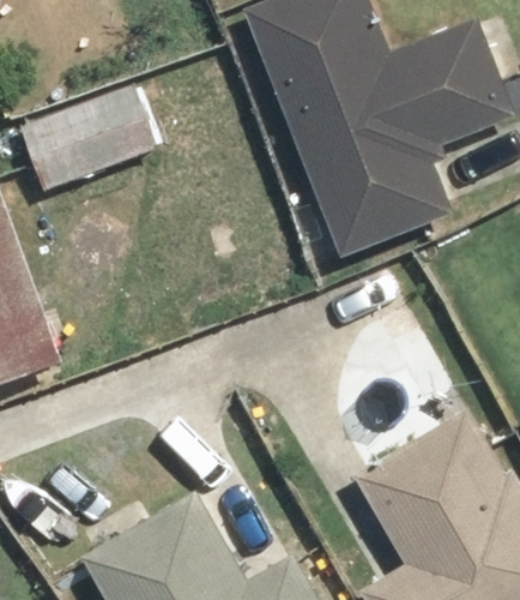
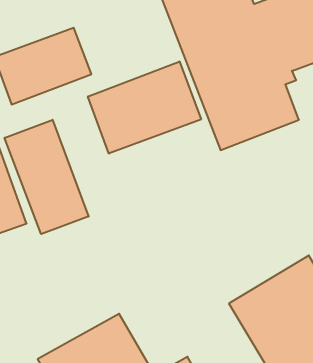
building: none -> [88,61,201,154]
building: none -> [5,120,89,234]

